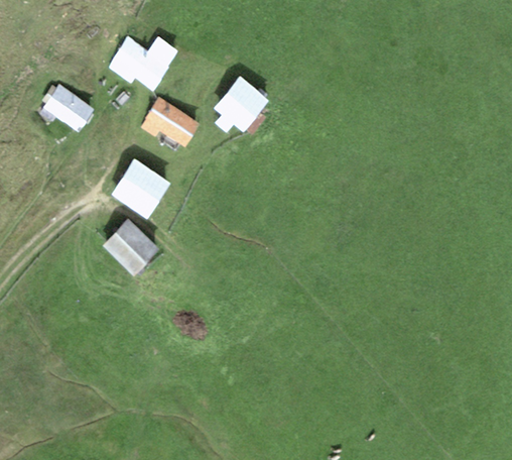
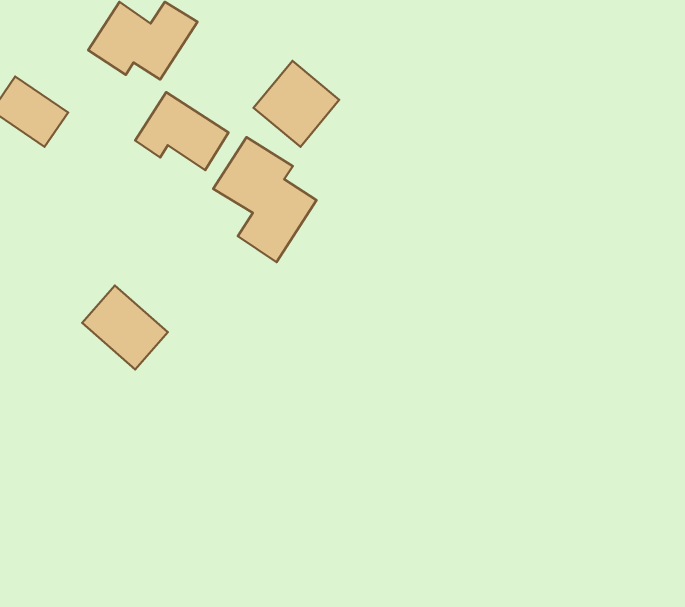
building: none -> [213,137,316,262]
building: [113,161,167,216] -> none

